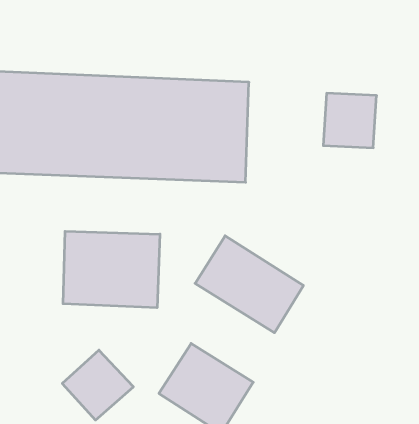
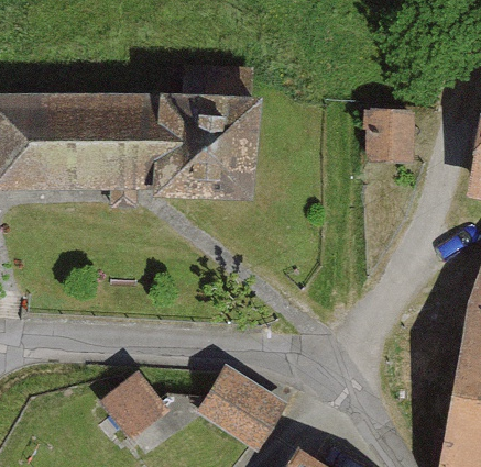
building: [63,231,160,308] -> none
building: [195,236,303,333] -> none

